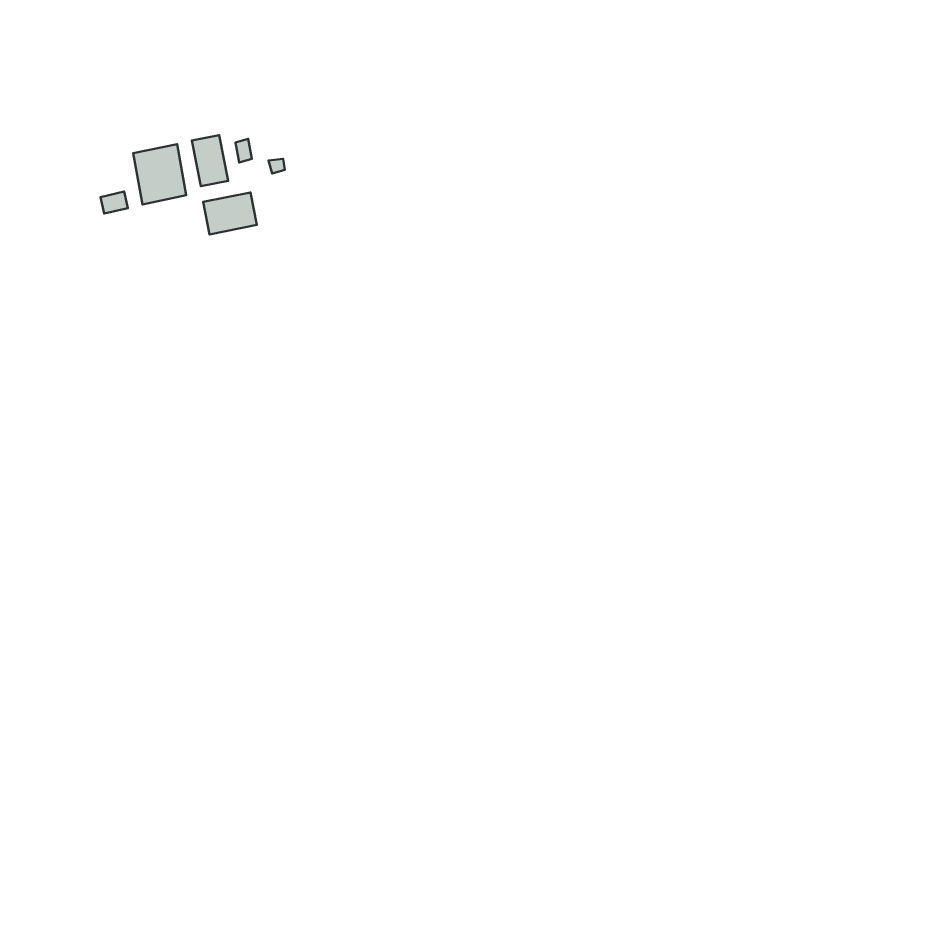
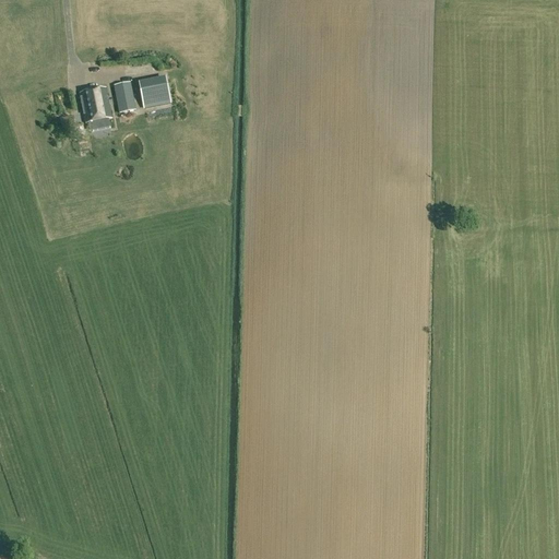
building: [203,192,257,234] -> none

